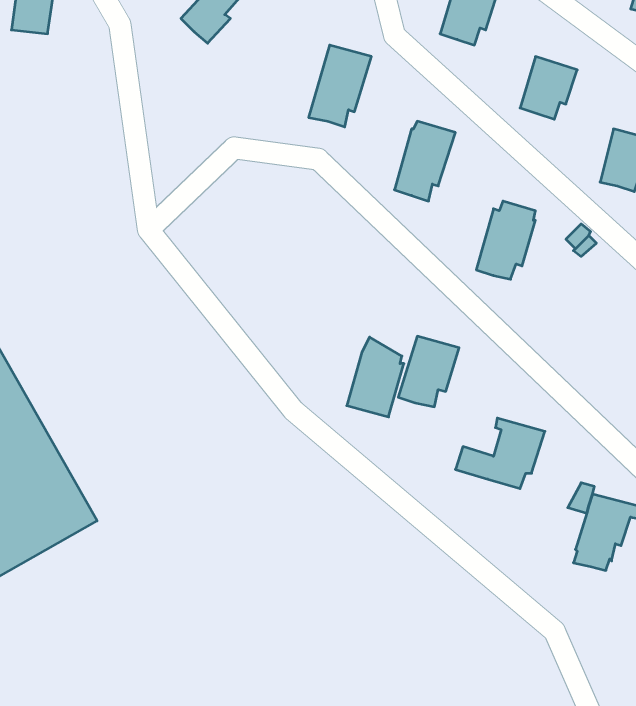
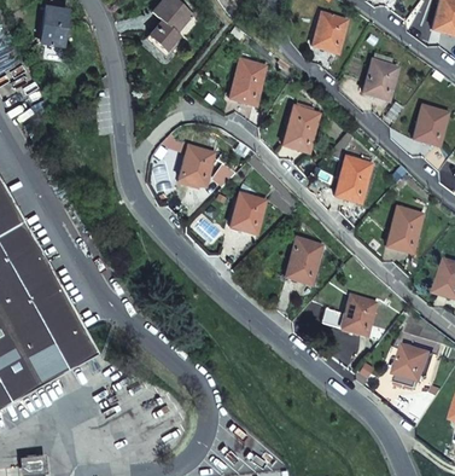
building: none -> [180,145,215,185]
building: none -> [387,205,424,251]
building: [347,337,404,417] -> [231,182,267,233]

